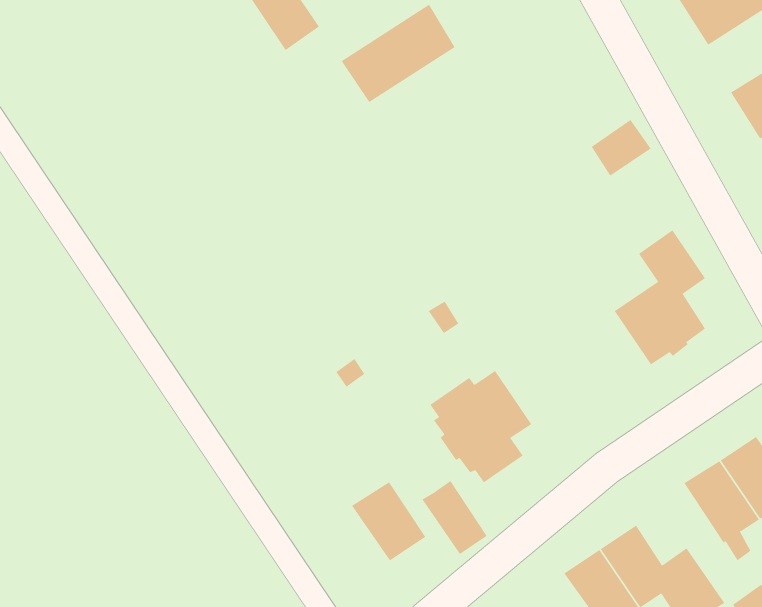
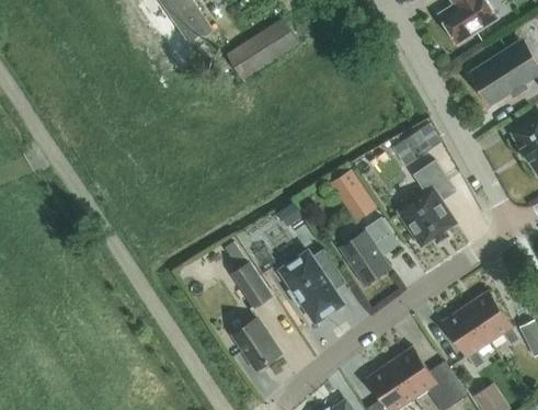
building: [591,119,652,176] -> [403,122,442,158]
building: none -> [331,172,376,223]
building: none -> [340,216,400,283]
building: [421,480,487,555] -> [230,260,272,307]

